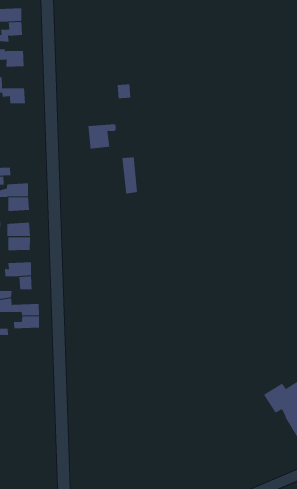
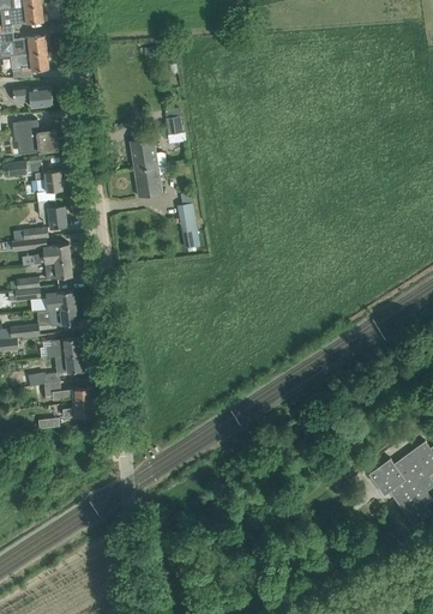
building: none -> [128,138,166,170]
building: none -> [34,170,62,193]
building: none -> [37,200,66,228]

